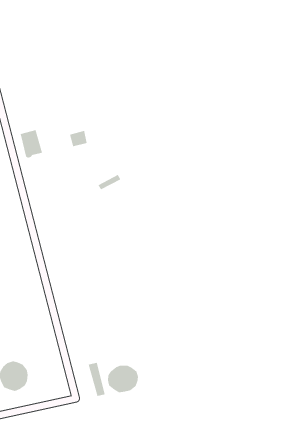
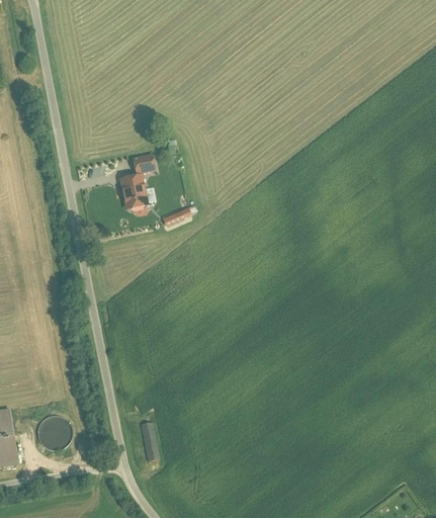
building: [20,130,43,158] -> [121,176,147,208]
building: [108,365,139,393] -> none

